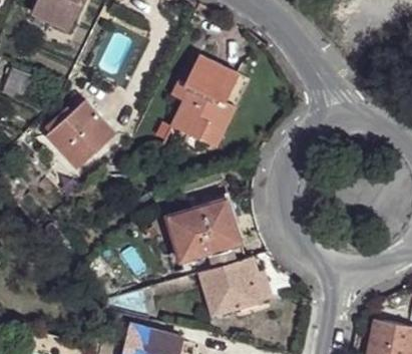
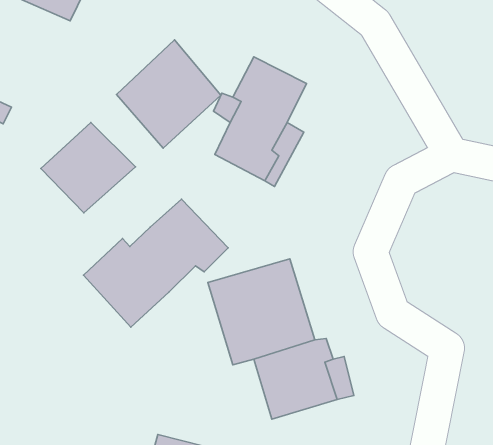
building: none -> [116,40,221,148]
building: none -> [83,199,228,327]

